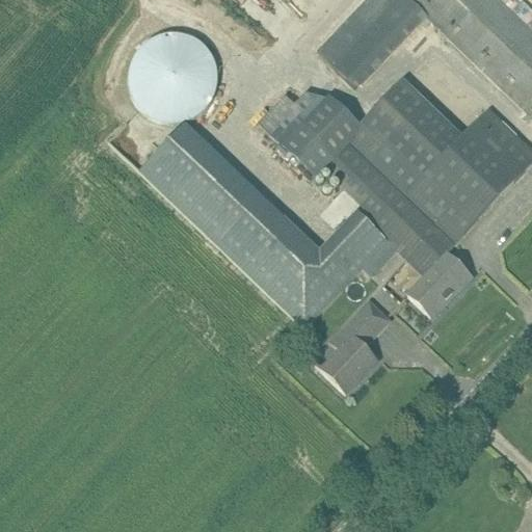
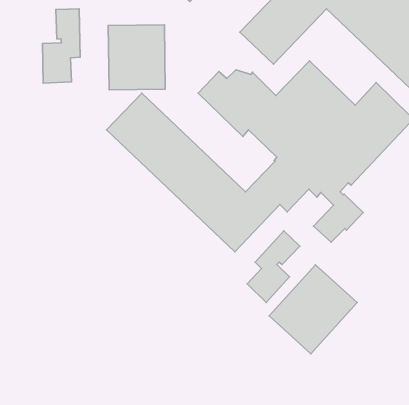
building: none -> [43,9,80,83]
building: none -> [269,265,357,354]

